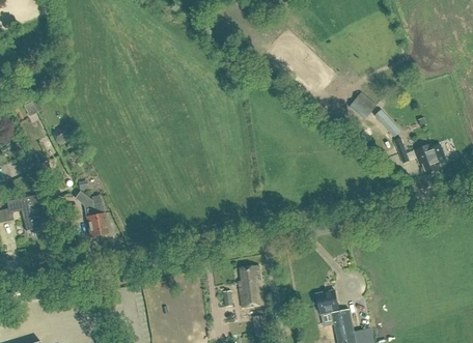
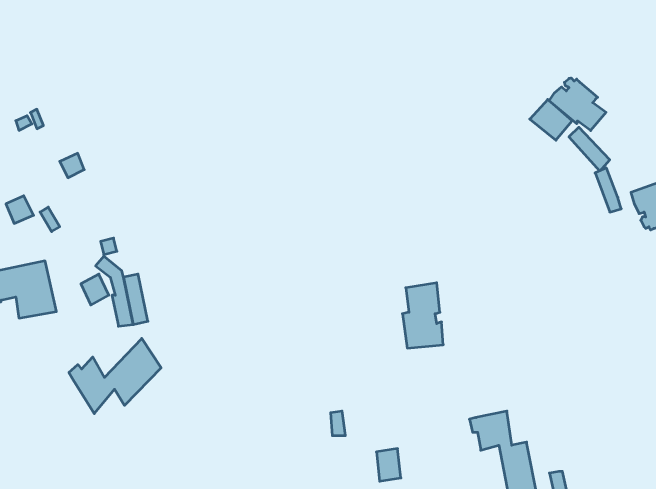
building: none -> [549,78,606,131]
building: none -> [69,338,161,414]
building: [239,265,265,307] -> [402,283,443,348]

